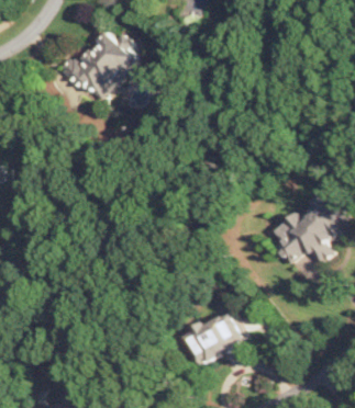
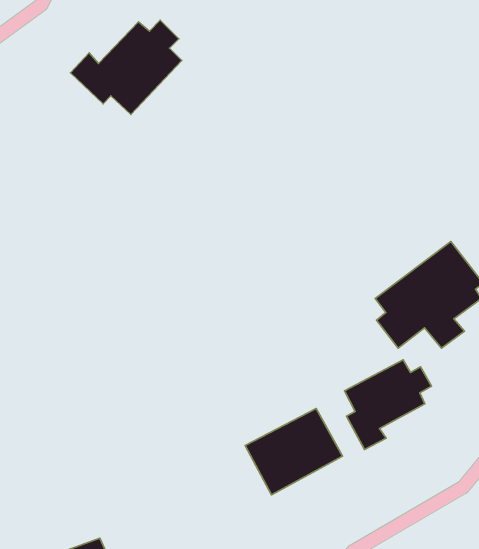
building: none -> [345,360,432,450]

